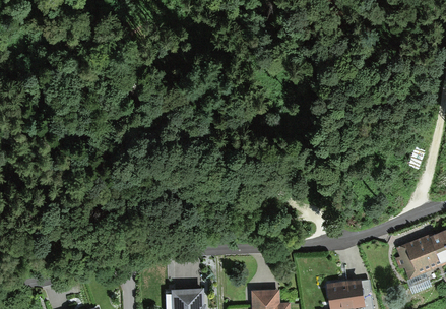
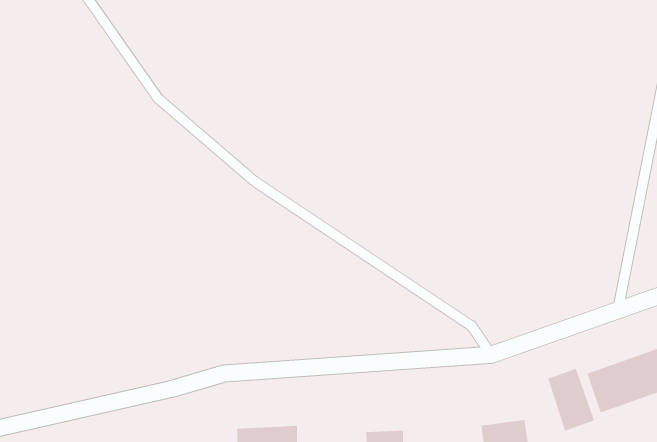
building: none -> [547,368,595,432]

